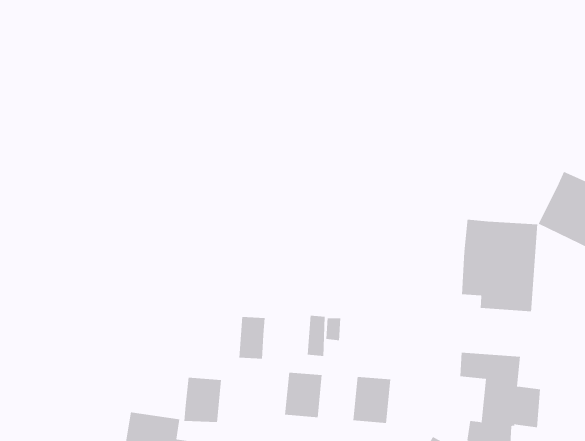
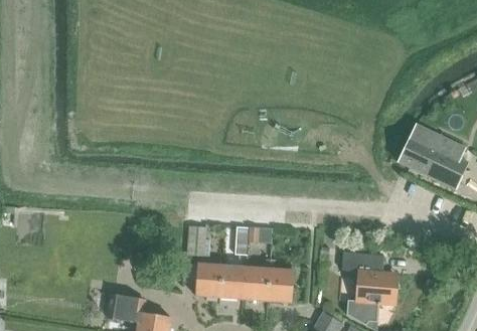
building: [462,219,538,312] -> none
building: none -> [242,268,269,300]
building: [183,377,222,423] -> [193,264,220,296]

